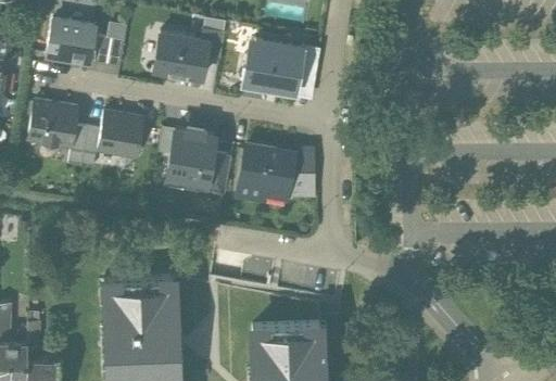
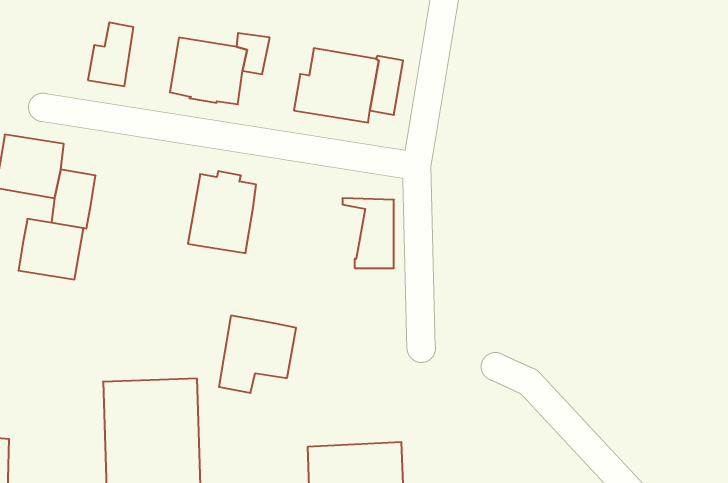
building: [47,20,94,62] -> none
building: [97,114,143,157] -> [18,219,84,280]
building: [238,147,293,202] -> [219,316,296,393]
building: [205,154,231,195] -> none

